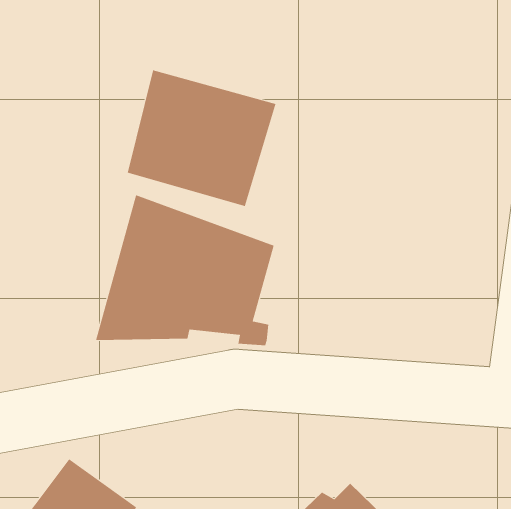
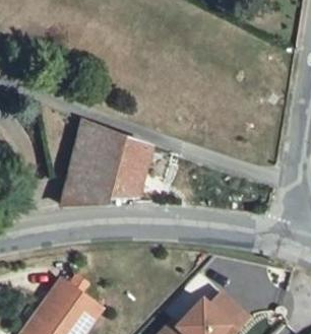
building: [127,69,276,207] -> none

